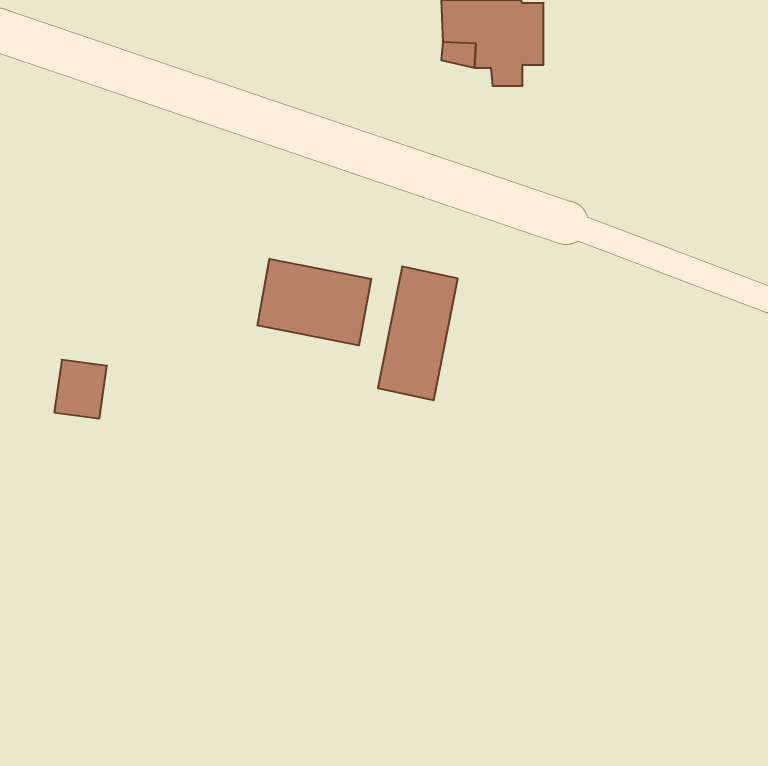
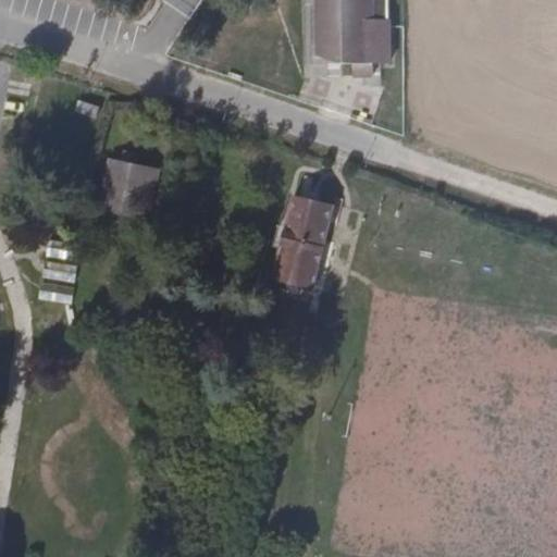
building: none -> [98,156,156,216]
building: [257,259,371,345] -> none

